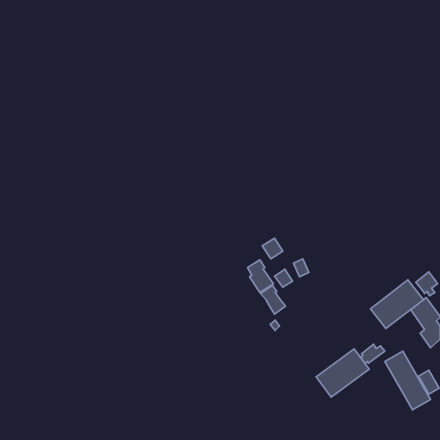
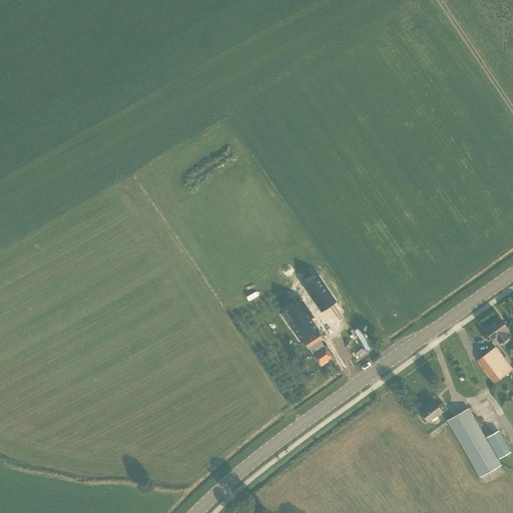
building: [371,280,423,329] -> none
building: [316,349,369,397] -> none

